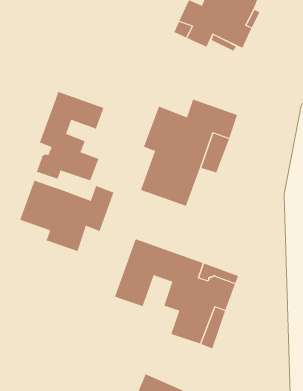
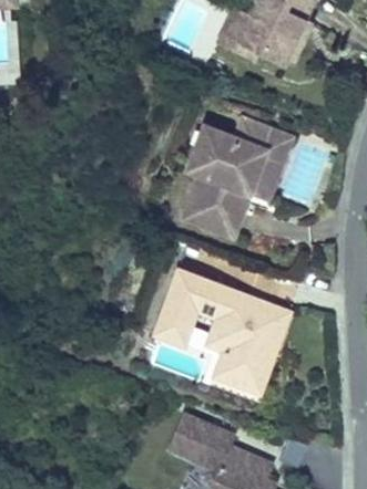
building: [36,91,104,181] -> none
building: [19,180,114,252] -> none

